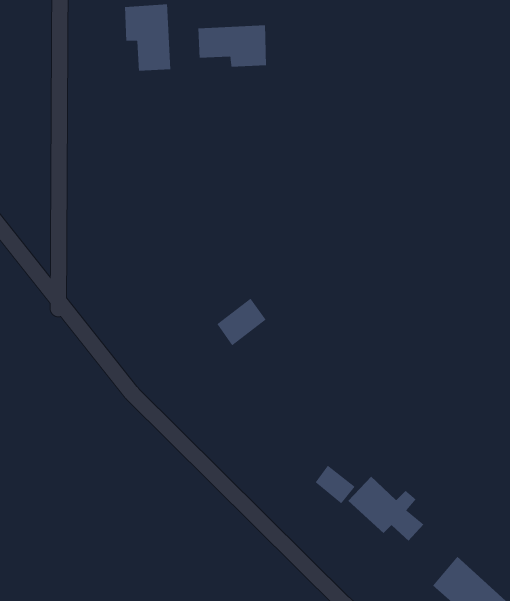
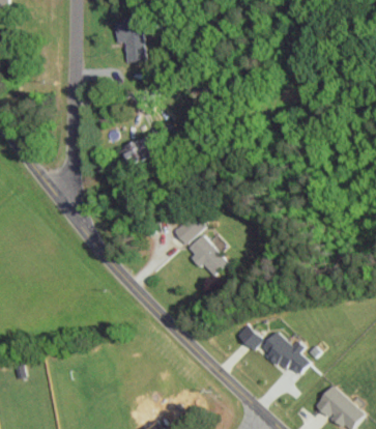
building: [198,25,267,67] -> none
building: none -> [123,136,155,167]
building: none -> [184,233,228,277]

